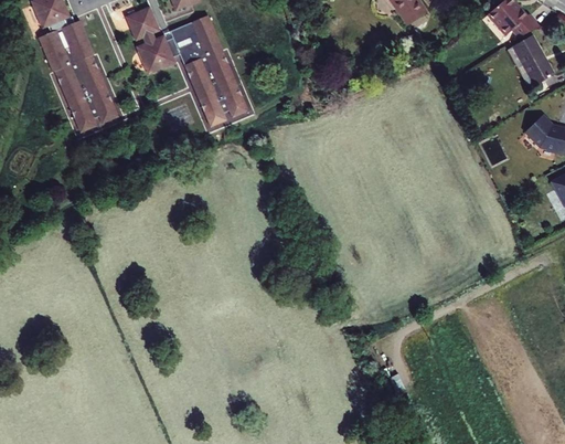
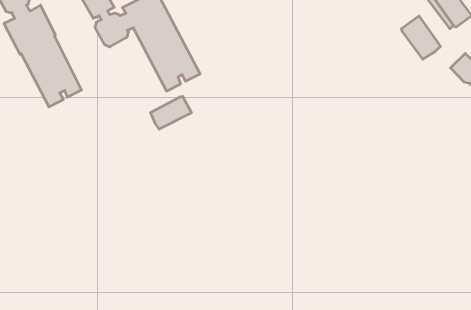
building: none -> [401,16,440,59]
building: none -> [150,96,191,129]

